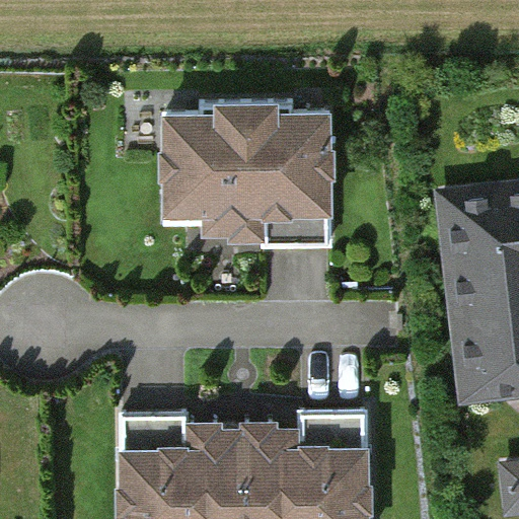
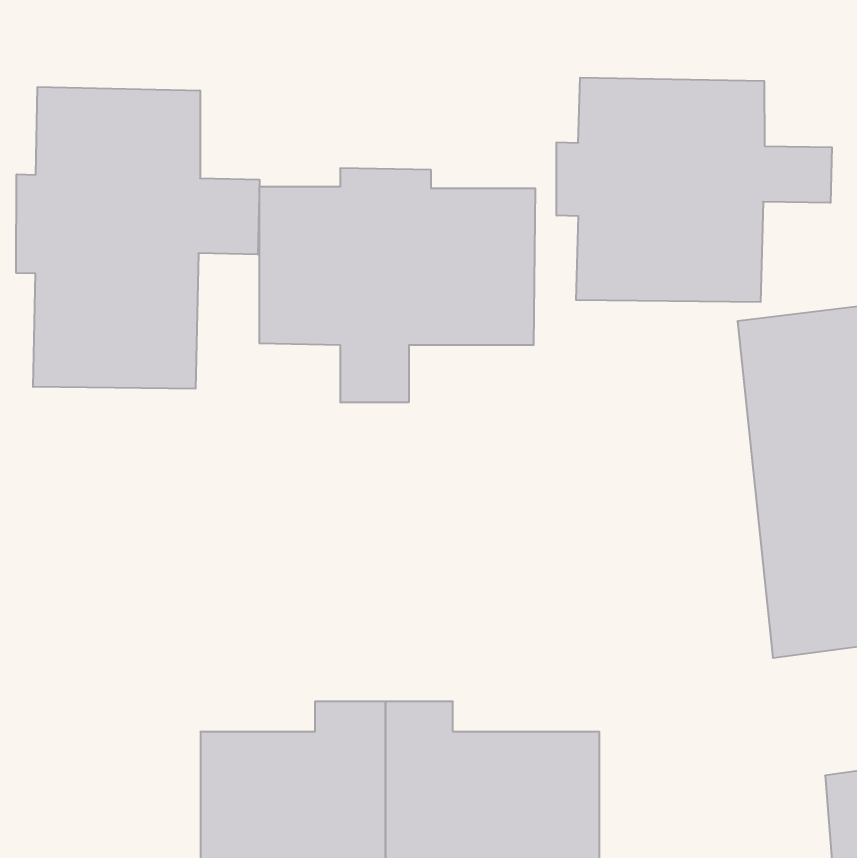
building: none -> [557,78,832,302]
building: none -> [16,87,259,389]

